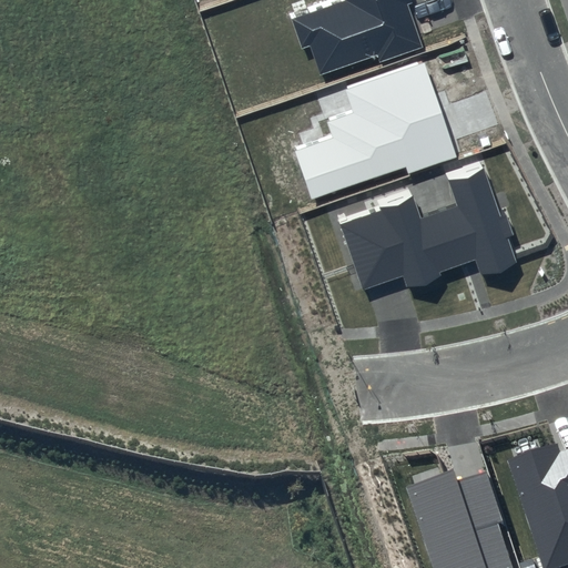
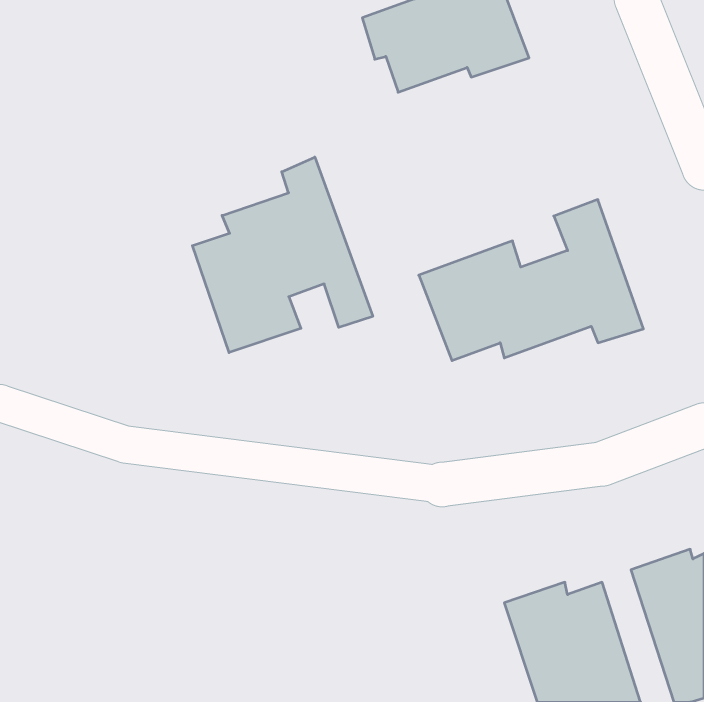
building: [296,61,455,197] -> none
building: none -> [192,157,373,353]

